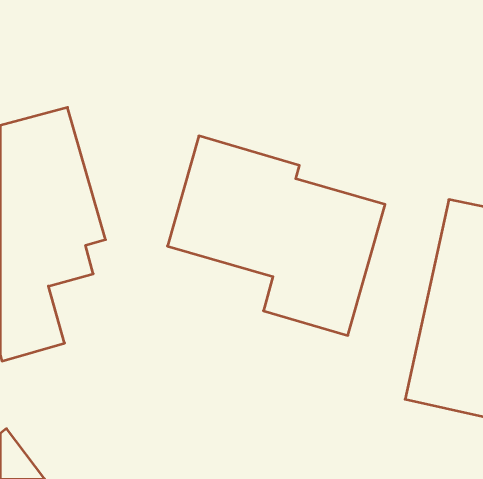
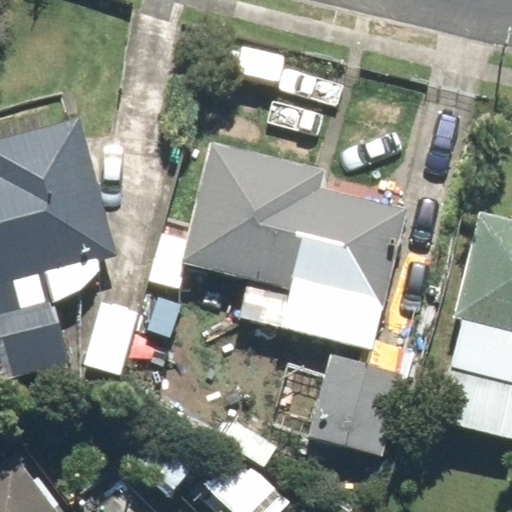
building: none -> [310,355,402,454]

